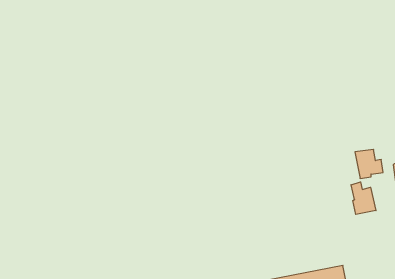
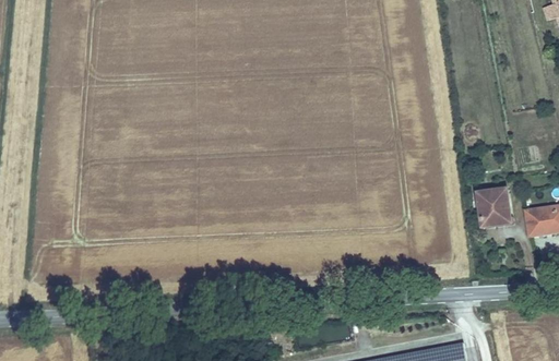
building: [351,182,376,214] -> none

